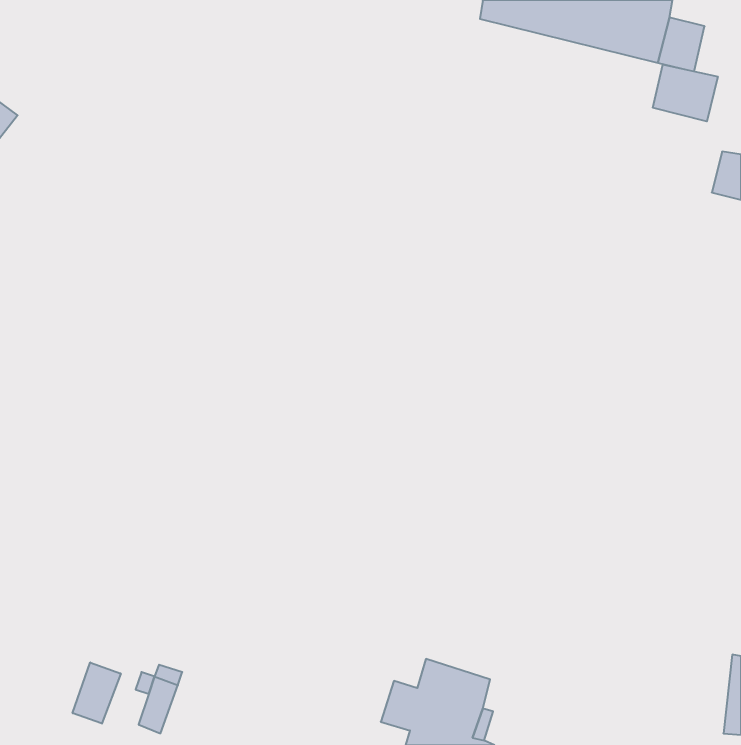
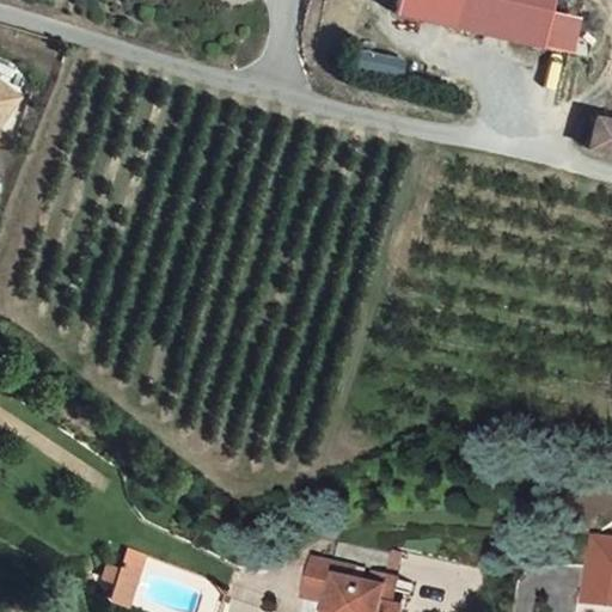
building: [653,64,718,121] -> none
building: [73,662,121,724] -> none

